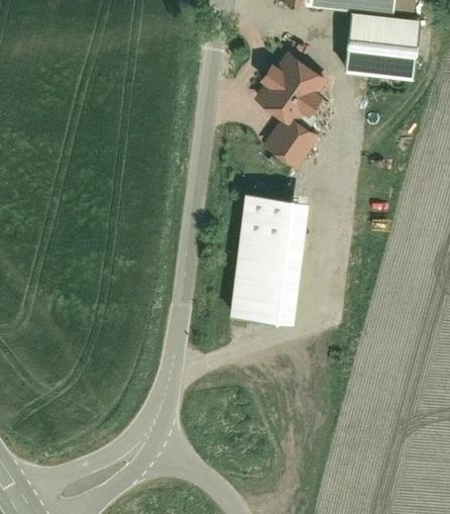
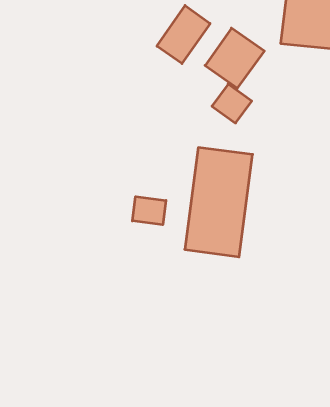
building: none -> [157,5,210,64]
building: none -> [132,197,166,225]

